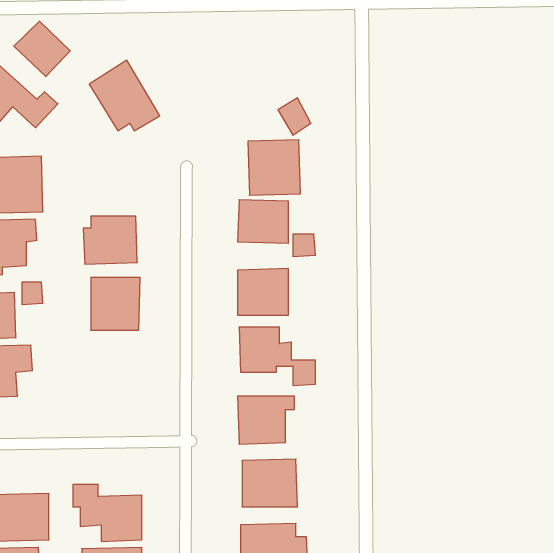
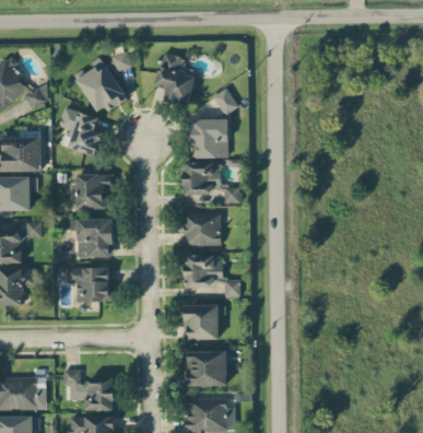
building: [14,21,70,77] -> none
building: none -> [155,52,196,105]
building: none -> [59,108,102,155]
building: none -> [67,267,114,302]

